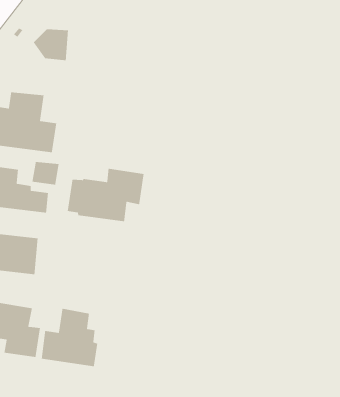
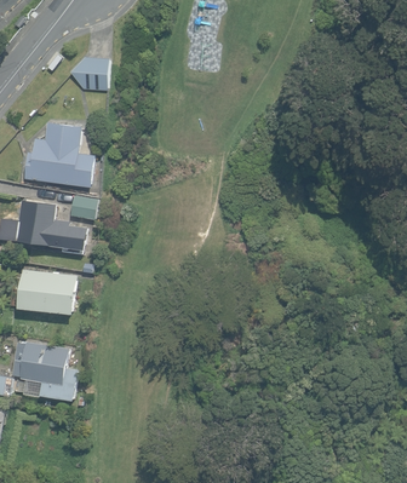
building: [67,168,144,222] -> none
building: [41,308,98,367] -> none

